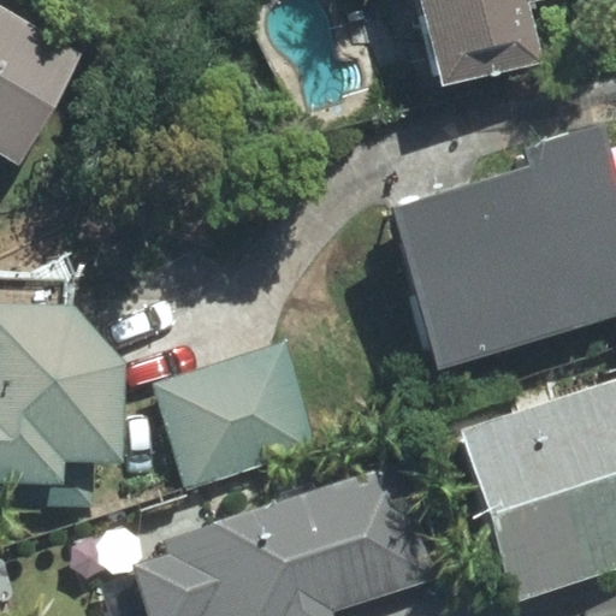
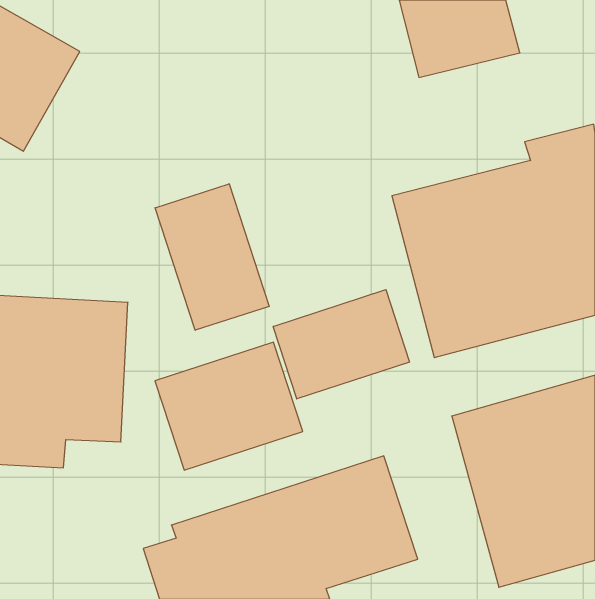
building: none -> [155,184,269,330]
building: none -> [273,290,409,399]

